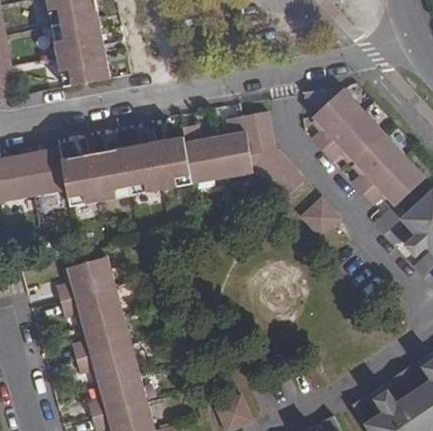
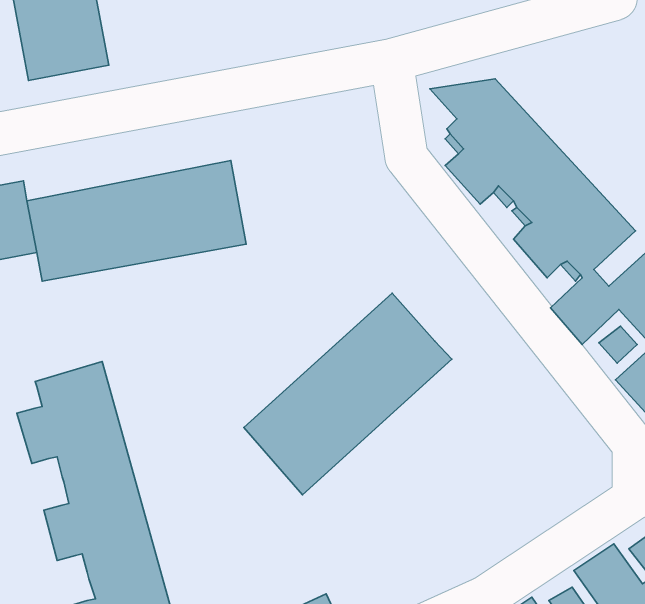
building: [181,111,305,198] -> none
building: [300,196,341,238] -> none
building: none -> [244,293,452,495]

